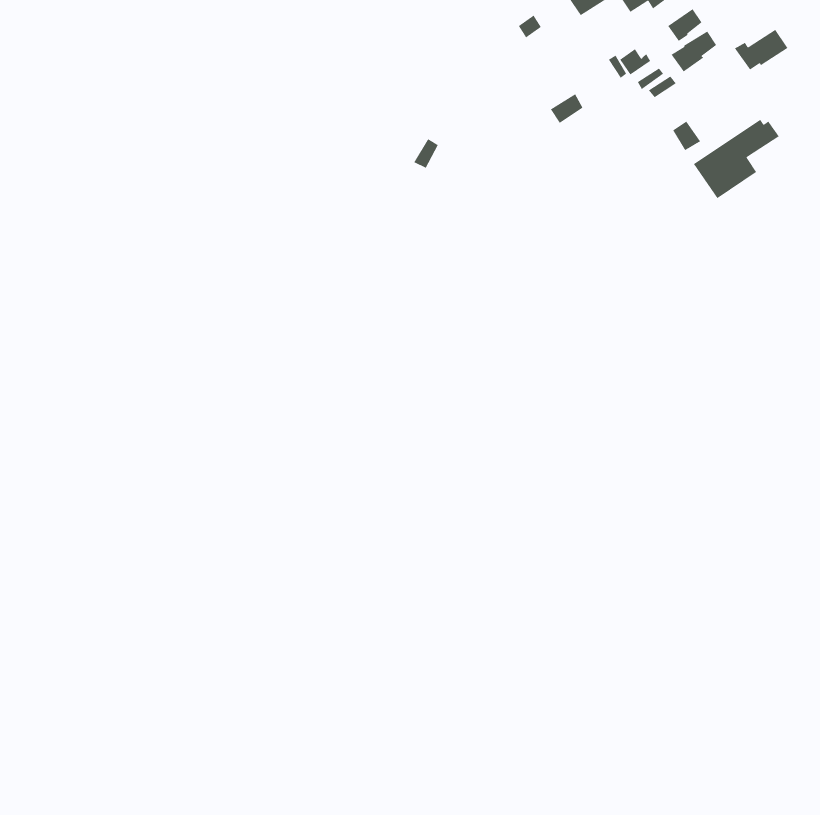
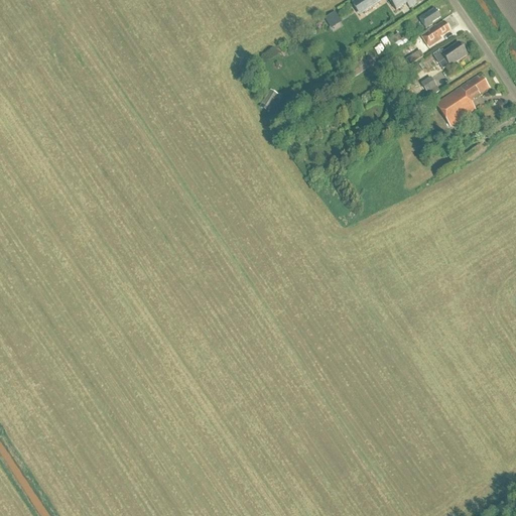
building: [734,29,789,71] -> [433,40,468,67]

